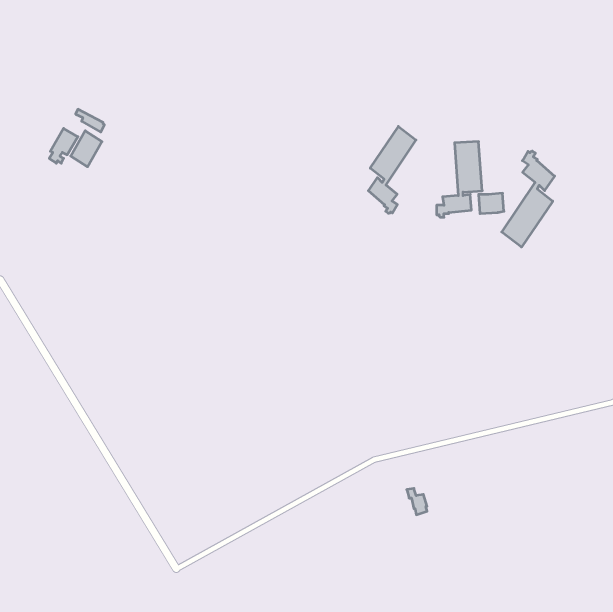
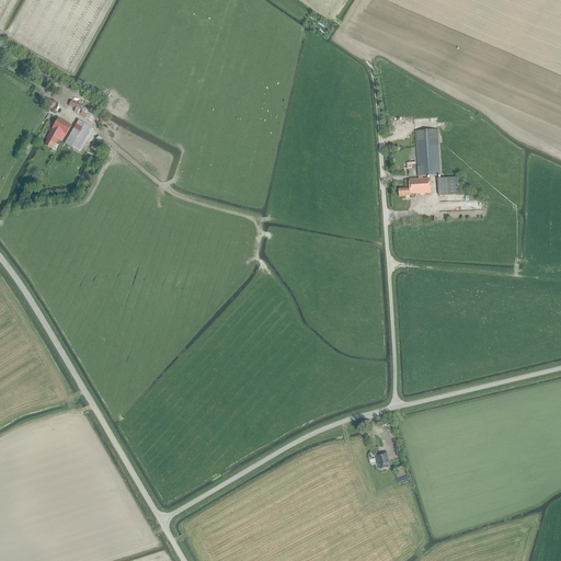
building: [368,126,416,213] -> none
building: [502,151,555,247] -> none

